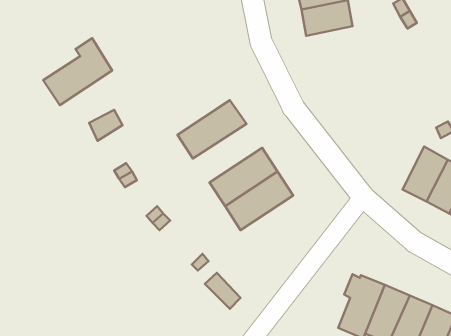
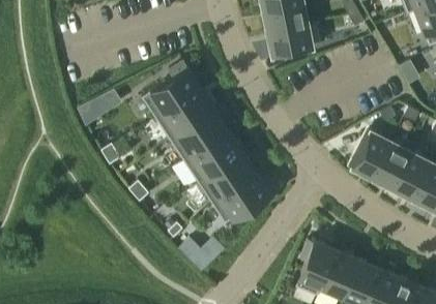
building: none -> [267,24,313,55]
building: [43,38,112,105] -> [141,60,201,118]
building: none -> [169,109,229,159]
building: none -> [210,171,274,222]

